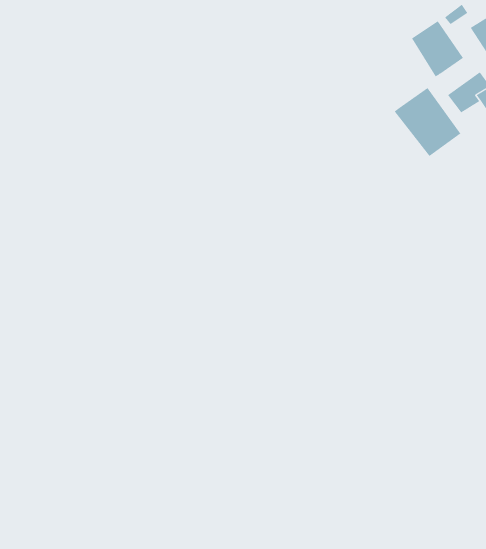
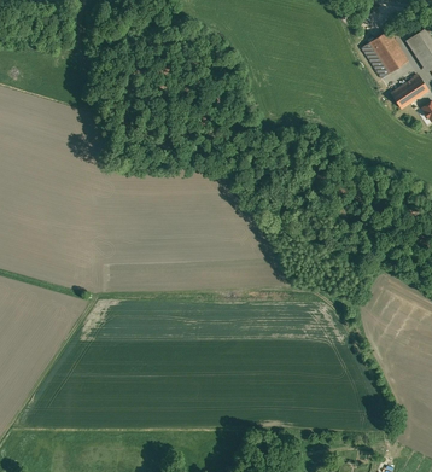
building: [394,87,461,157] -> none

